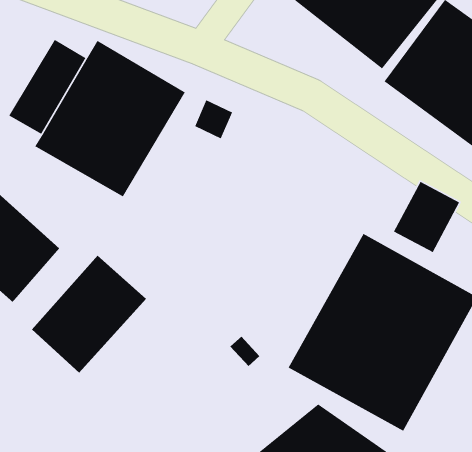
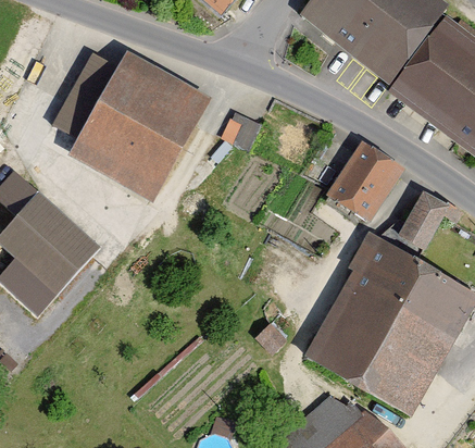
building: none -> [326,141,403,223]
building: [31,255,147,374] -> none

